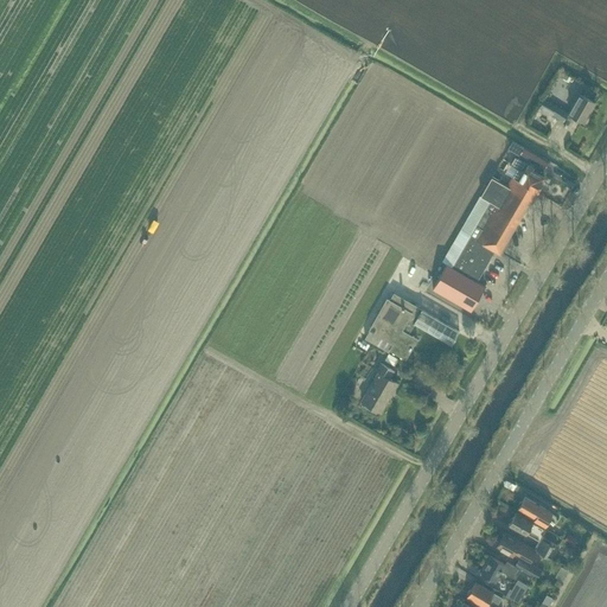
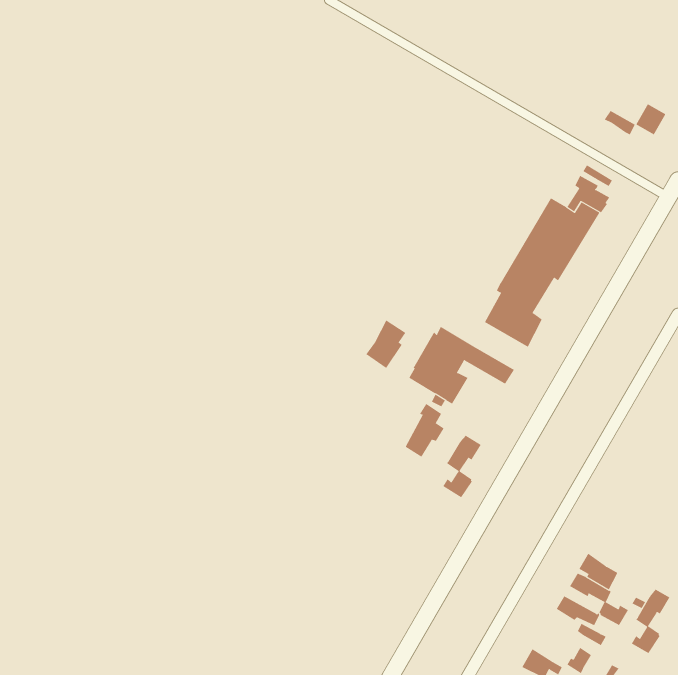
building: none -> [366,320,406,369]
building: none -> [442,435,482,498]
building: none -> [631,589,670,654]
building: [481,557,520,583] -> none

